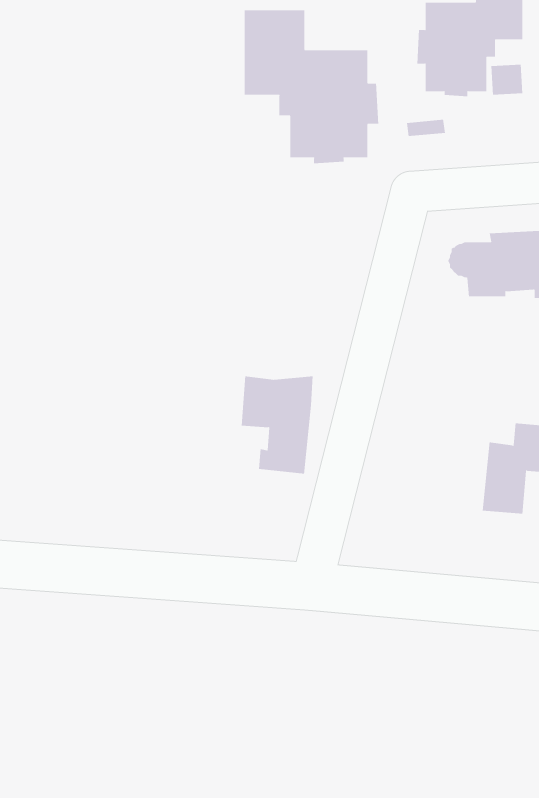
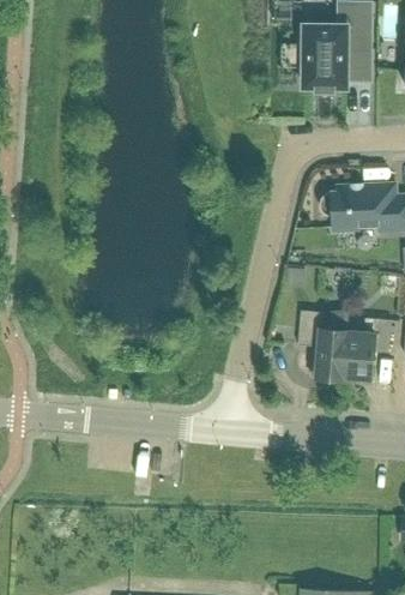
building: [244,10,379,164] -> none
building: [241,376,313,474] -> [298,311,349,379]

